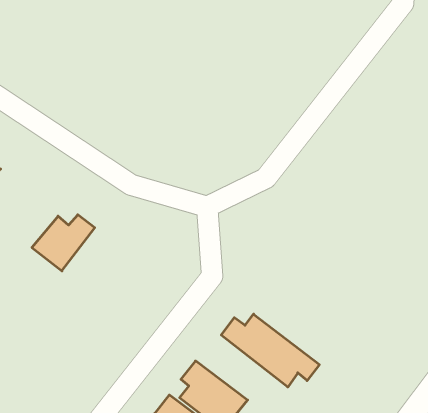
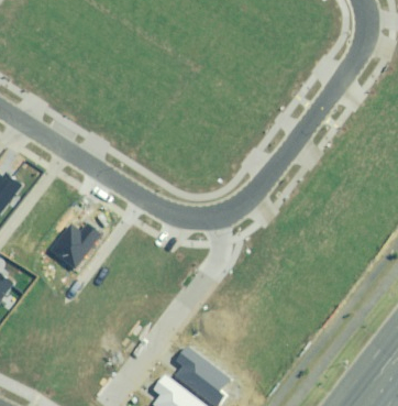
building: [221,314,319,387] -> none

